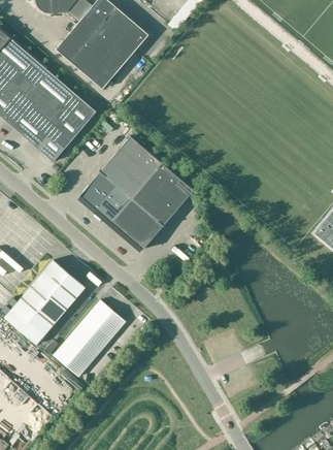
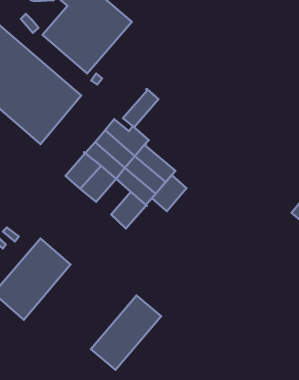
building: none -> [123,89,159,127]
building: [111,198,147,235] -> [152,175,187,211]
building: [53,299,126,377] -> [91,295,161,370]

